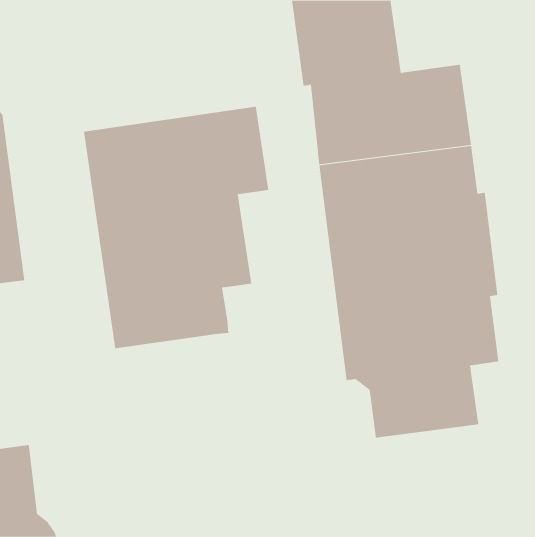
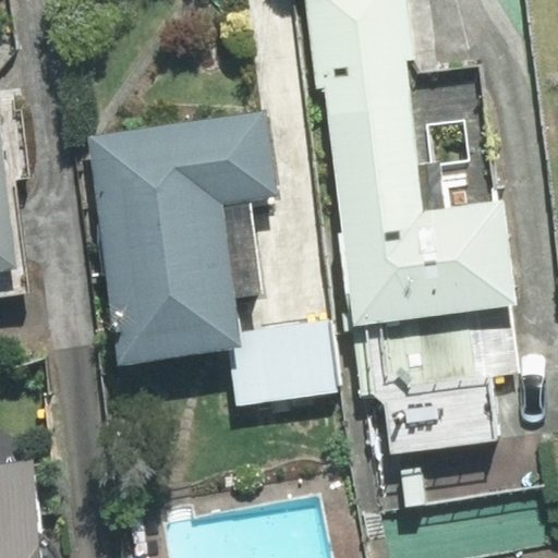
building: none -> [226,320,336,405]

